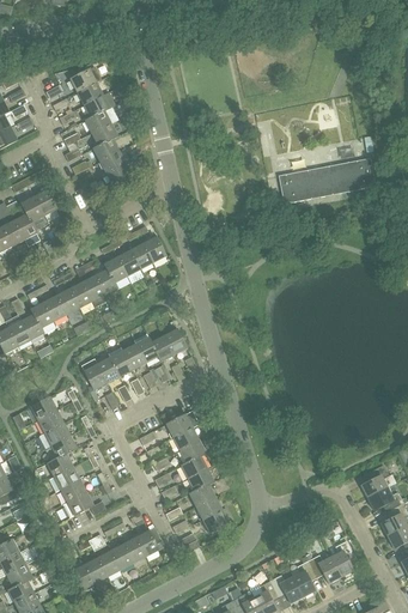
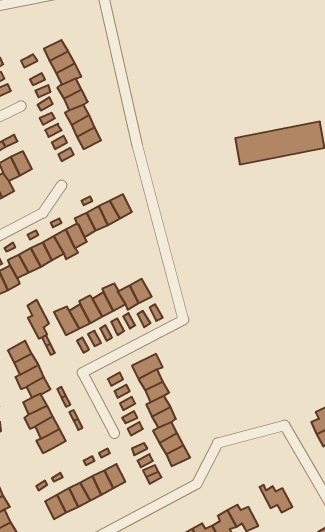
building: none -> [28,300,49,339]
building: [329,539,355,576] -> none
building: [292,554,316,596] -> none

